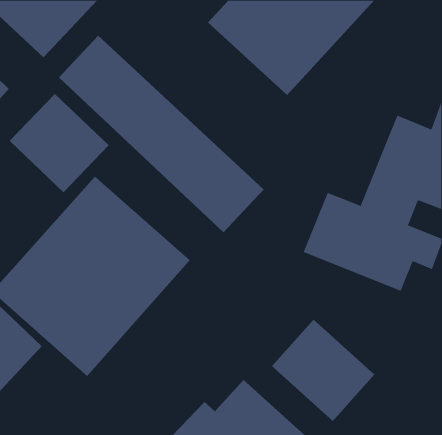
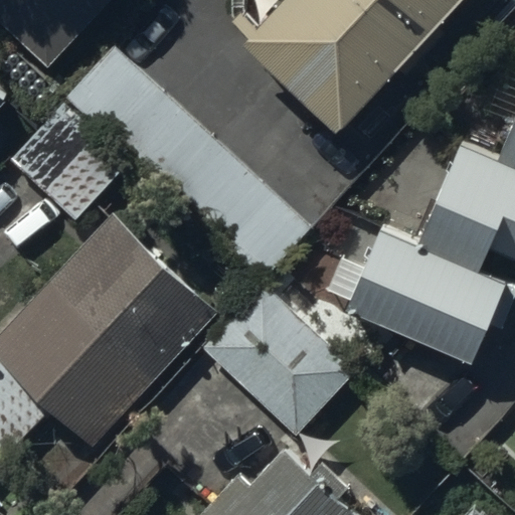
building: none -> [200,283,354,434]
building: [271,319,375,422] -> none

